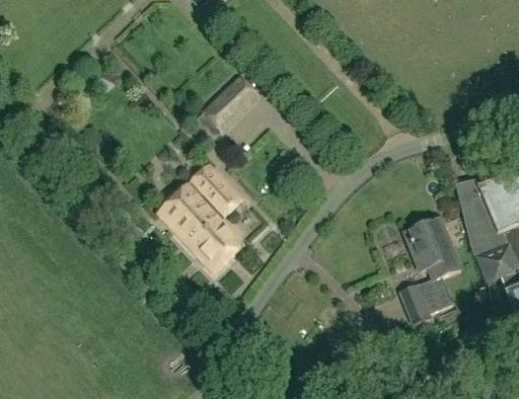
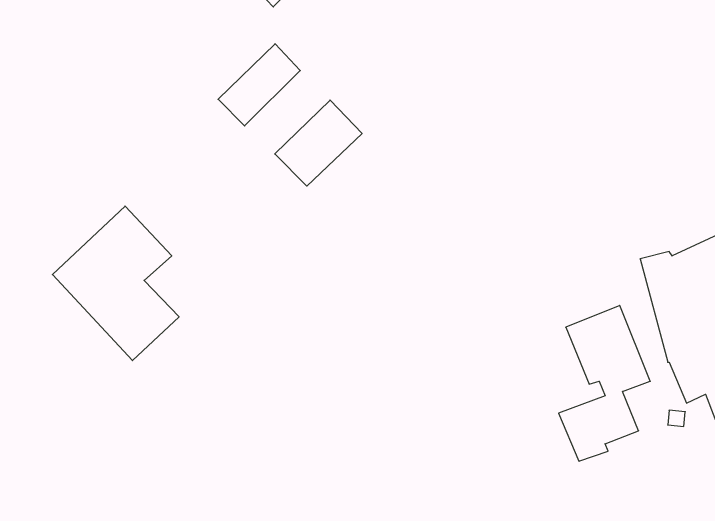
building: none -> [218,44,300,126]
building: [159,165,247,272] -> [52,206,179,361]

